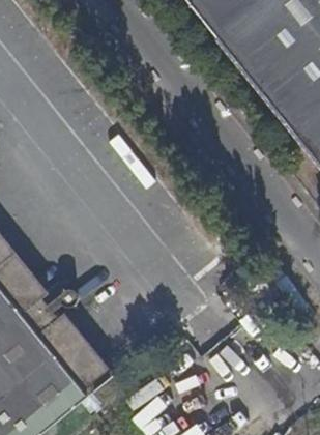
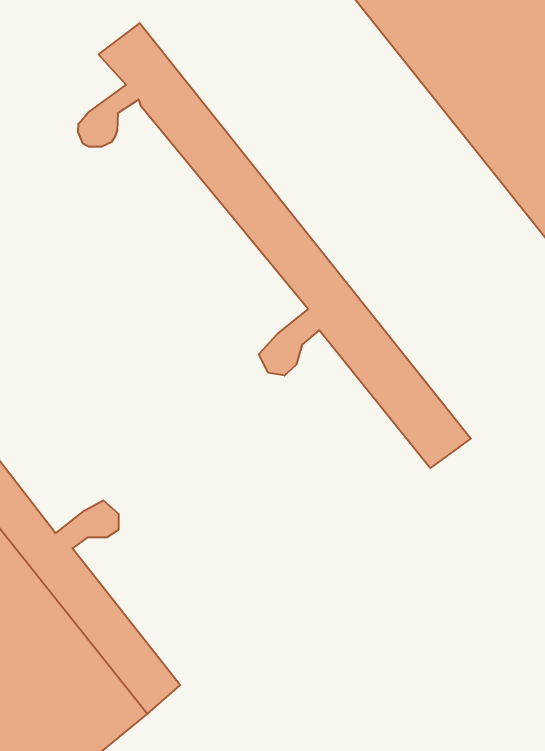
building: none -> [78,23,471,468]

